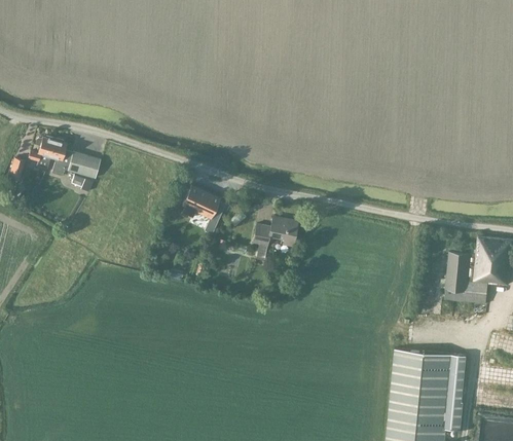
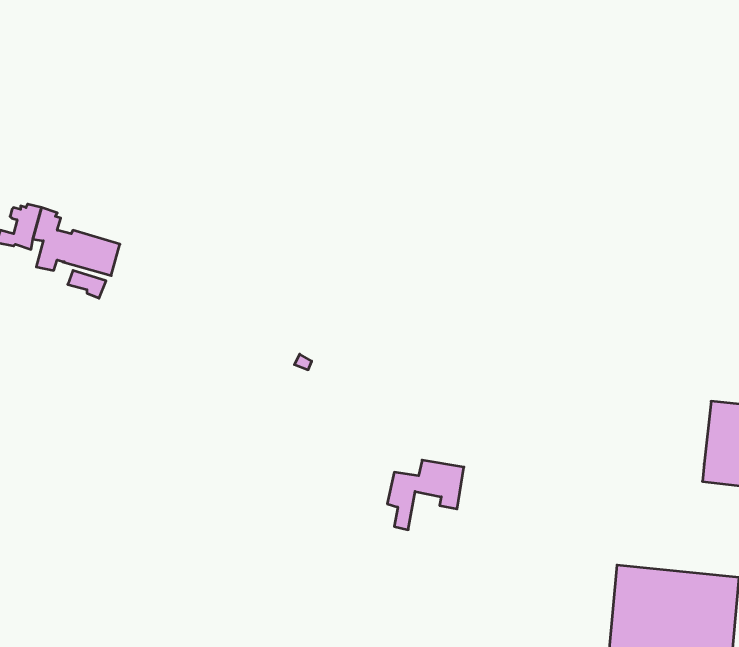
building: [181,185,220,218] -> none
building: [253,217,298,258] -> [387,460,464,530]

